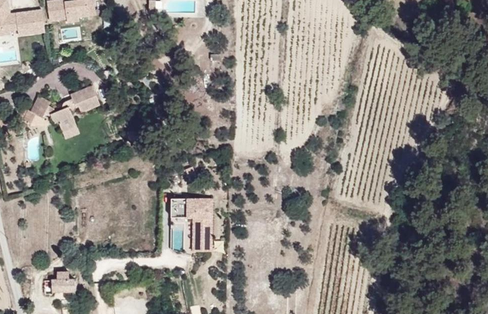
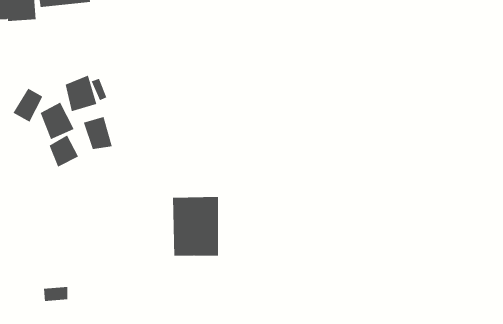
building: none -> [83,116,113,150]
building: none -> [49,134,79,167]

